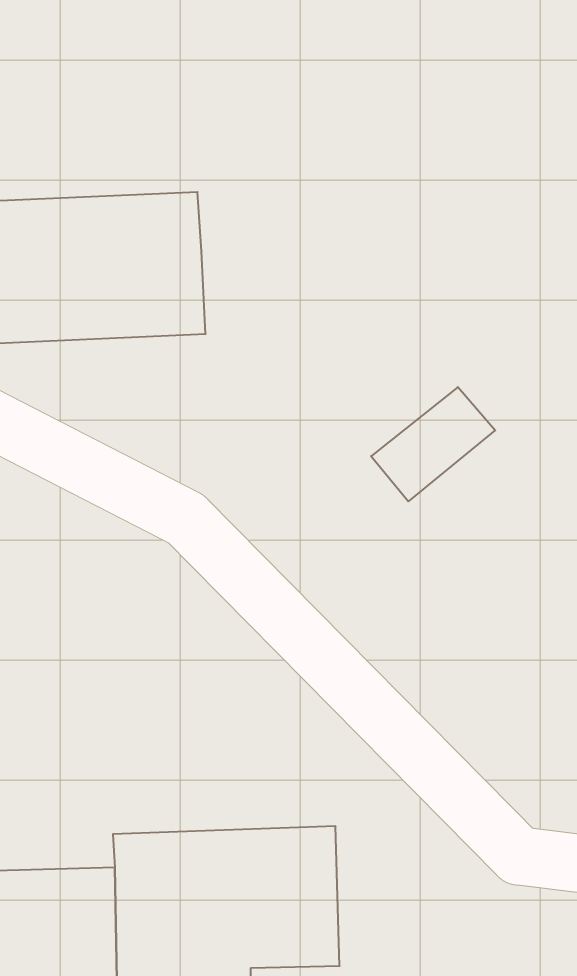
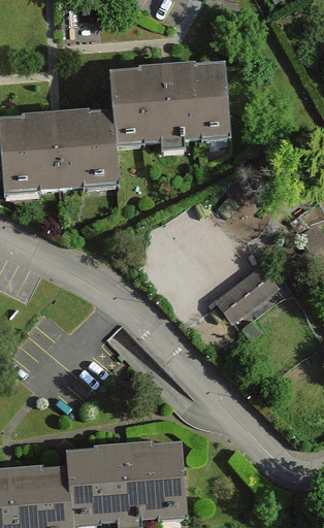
building: none -> [109,61,230,143]
building: [371,387,495,501] -> [216,265,281,325]

